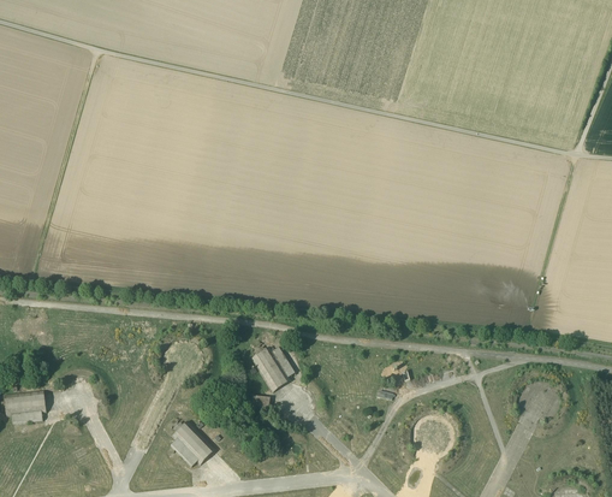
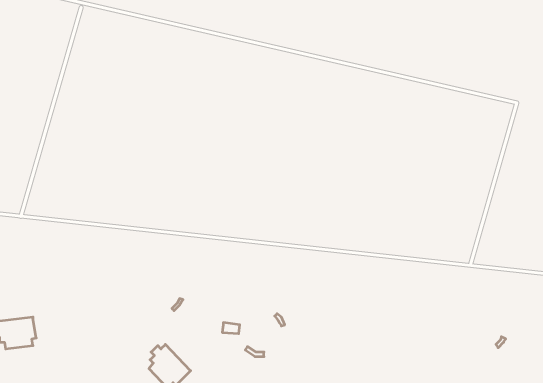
building: [250,345,295,392] -> none

